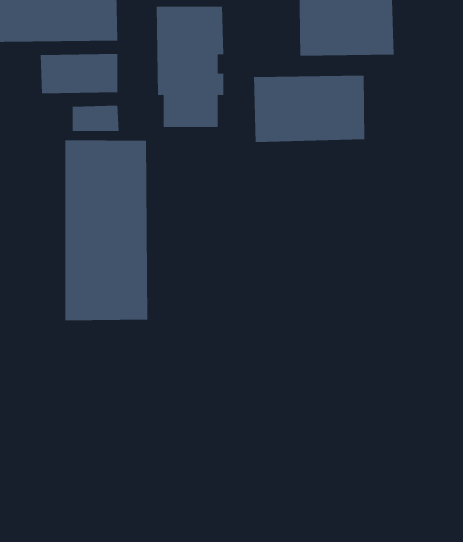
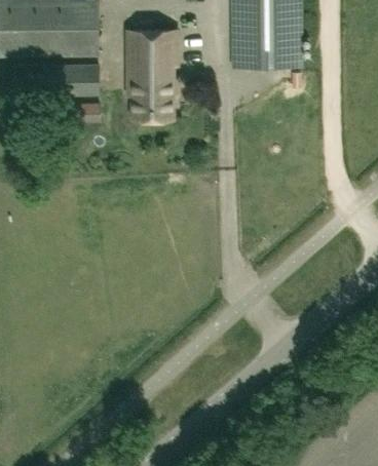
building: [254,75,365,143] -> none
building: [65,139,148,321] -> none

